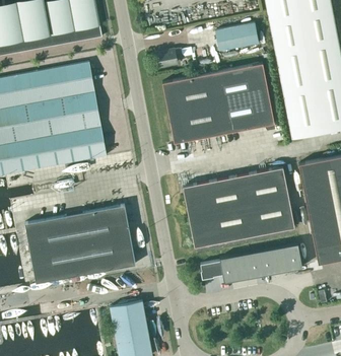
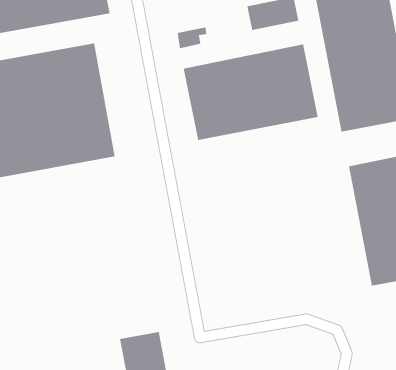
building: [182,167,294,247] -> none
building: [24,205,135,283] -> none
building: [200,244,301,282] -> none

